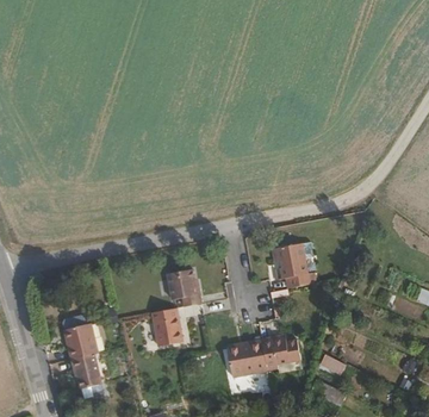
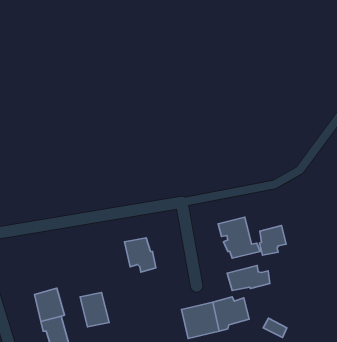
building: none -> [259,226,286,255]
building: none -> [227,266,270,290]
building: [151,305,184,343] -> [80,293,109,327]

